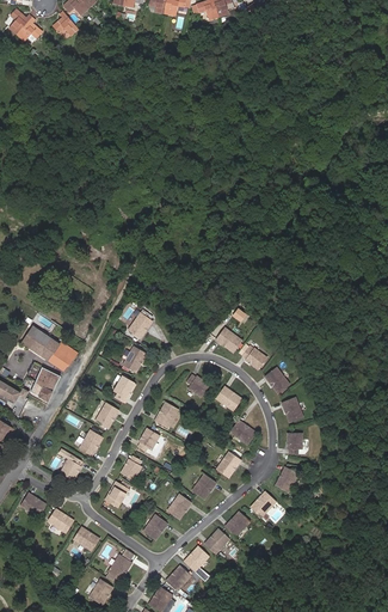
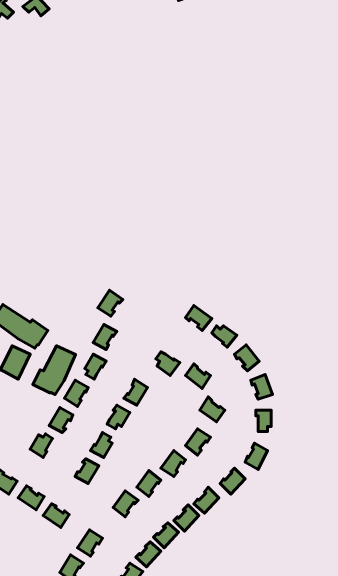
building: none -> [33,346,75,395]

